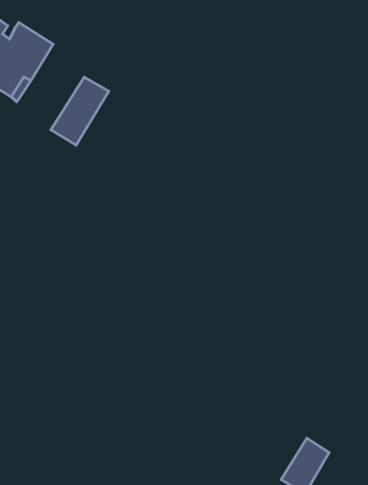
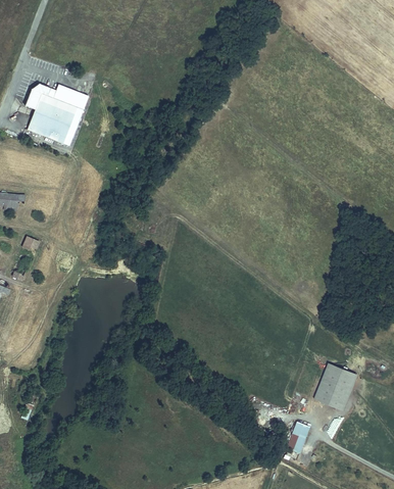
building: [51,77,109,145] -> none

